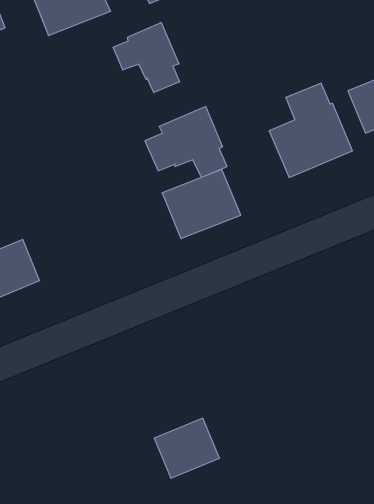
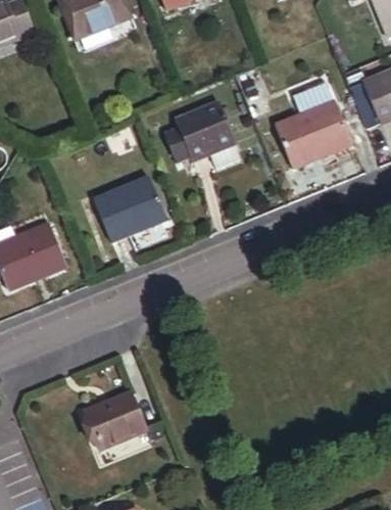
building: [113,22,180,93] -> none
building: [162,170,241,238] -> [94,177,166,240]
building: [154,418,220,478] -> [85,391,145,447]

